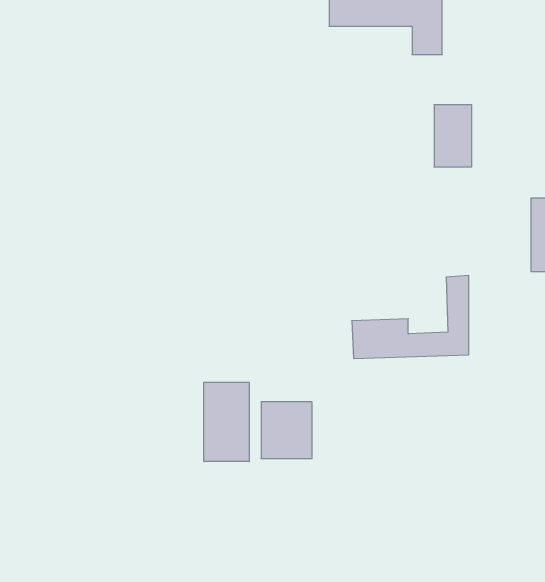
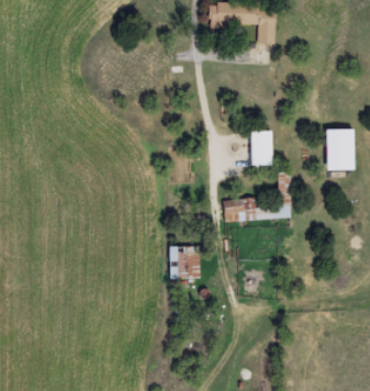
building: [434,105,472,167] -> [250,130,272,166]
building: [204,382,249,462] -> none

